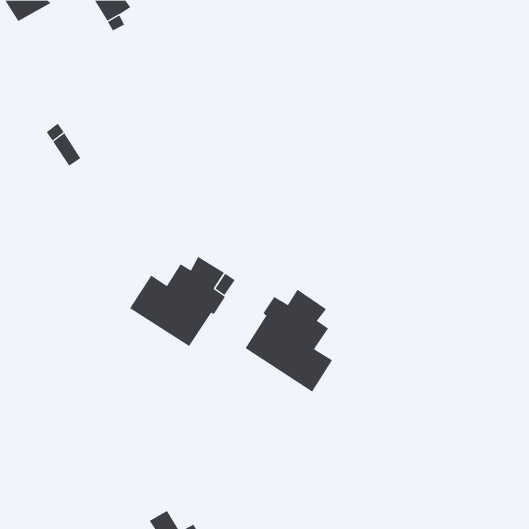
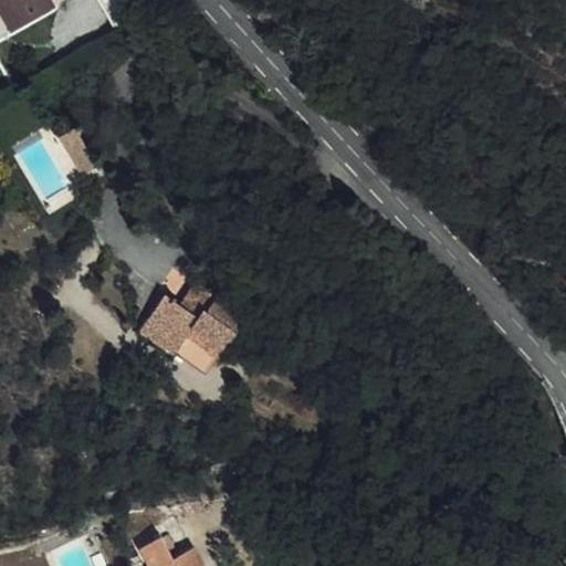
building: [245,289,333,392] -> none

